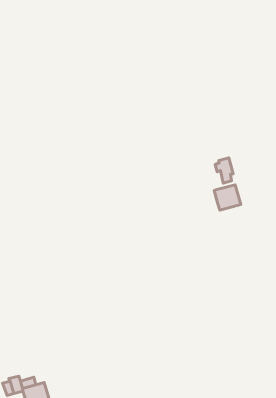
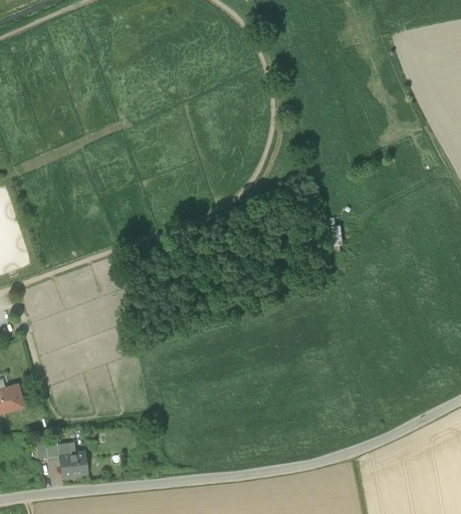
building: [214,185,241,210] -> none

